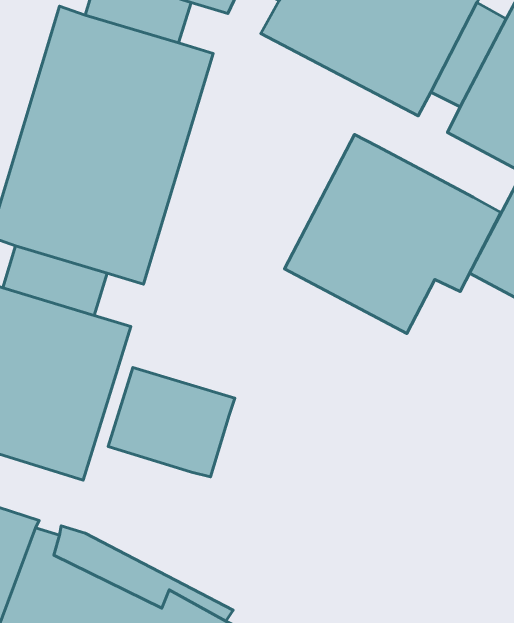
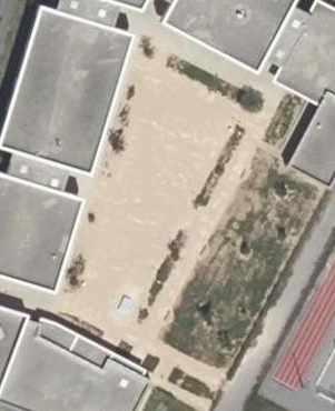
building: [284,135,501,333] -> none
building: [108,368,235,477] -> none

